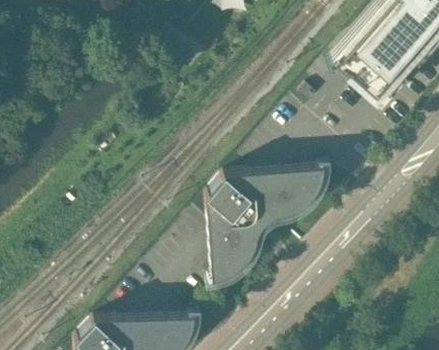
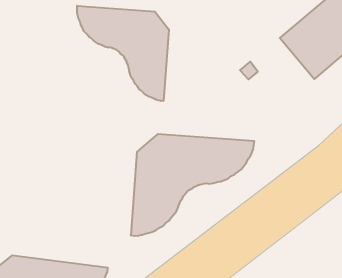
building: none -> [77,6,169,101]

